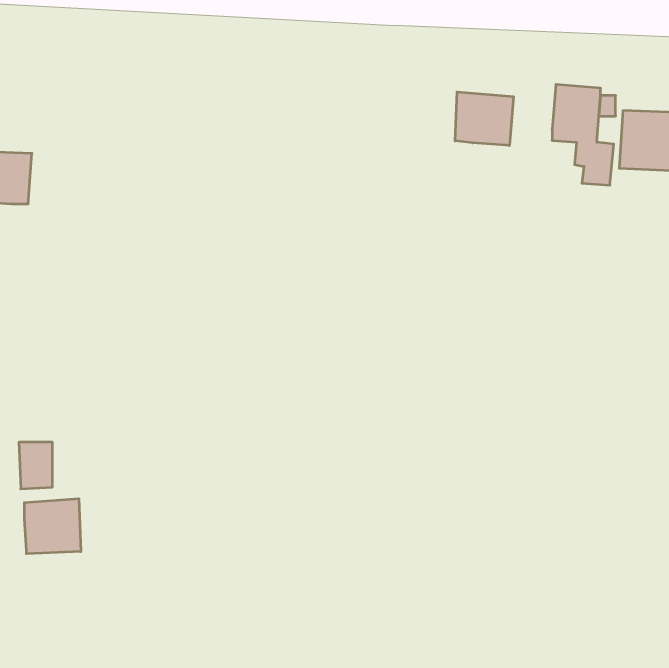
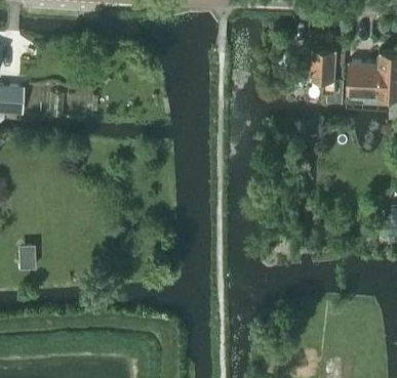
building: [455,92,513,146] -> none
building: [24,499,81,554] -> none

